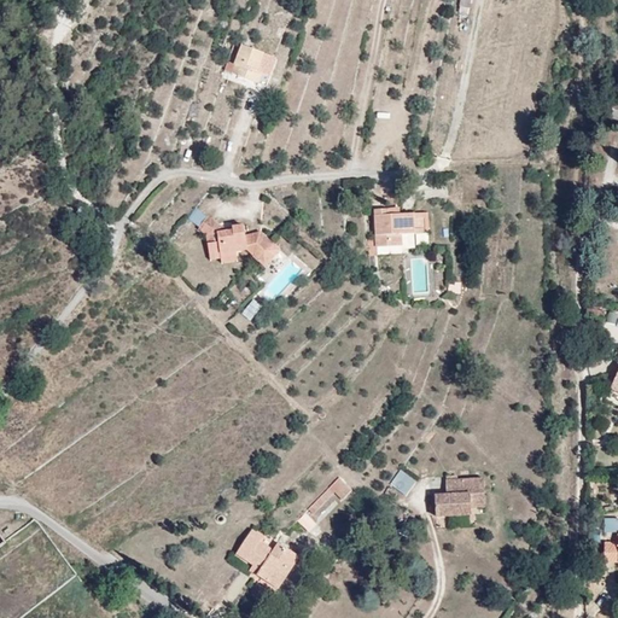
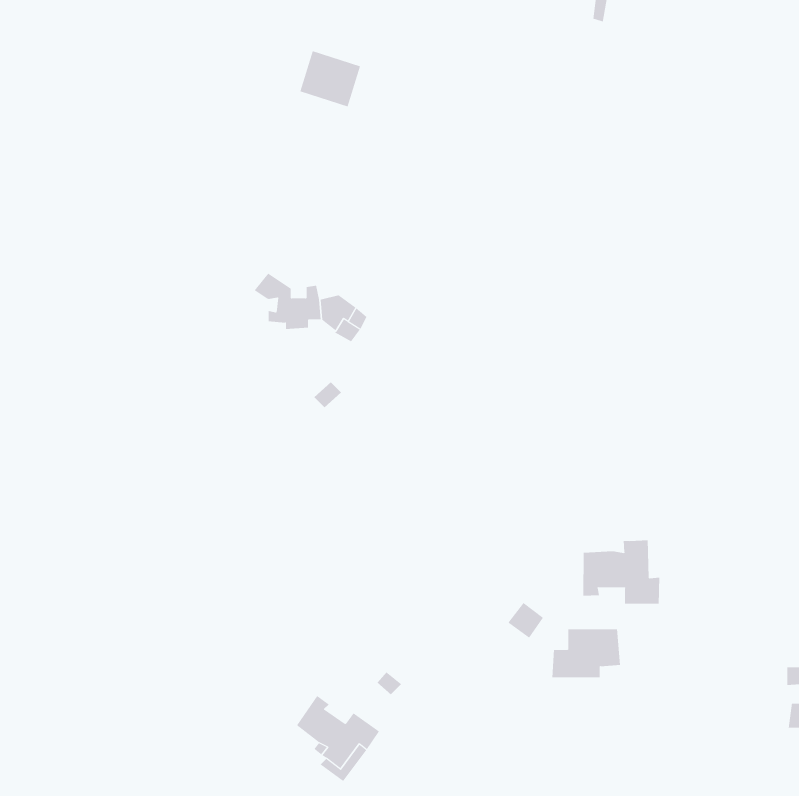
building: [377,210,432,250] -> none
building: none -> [583,539,660,605]
building: [304,478,348,517] -> none

